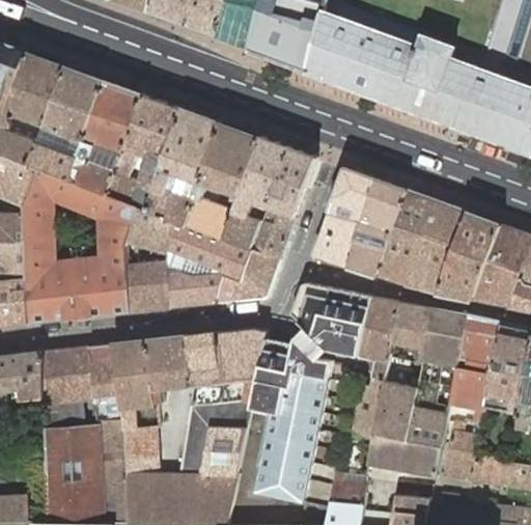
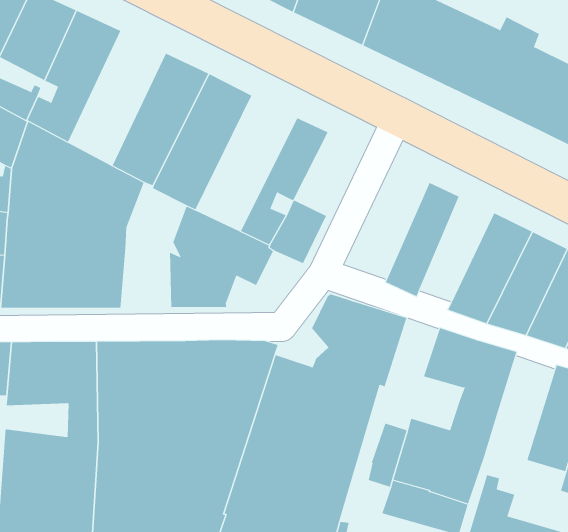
building: [71,81,144,195] -> none
building: [184,123,260,239] -> none
building: [266,147,315,218] -> none
building: [314,169,378,269] -> none
building: [378,190,435,286] -> none
building: [128,206,175,254] -> none
building: [218,252,279,304] -> none
building: [129,262,171,314] -> none
building: [359,297,399,383] -> none
building: [449,315,501,423] -> none

